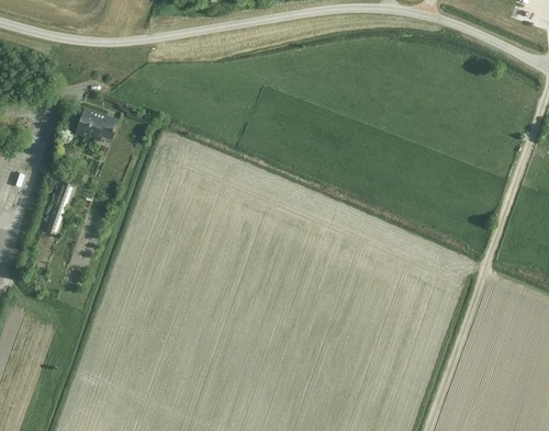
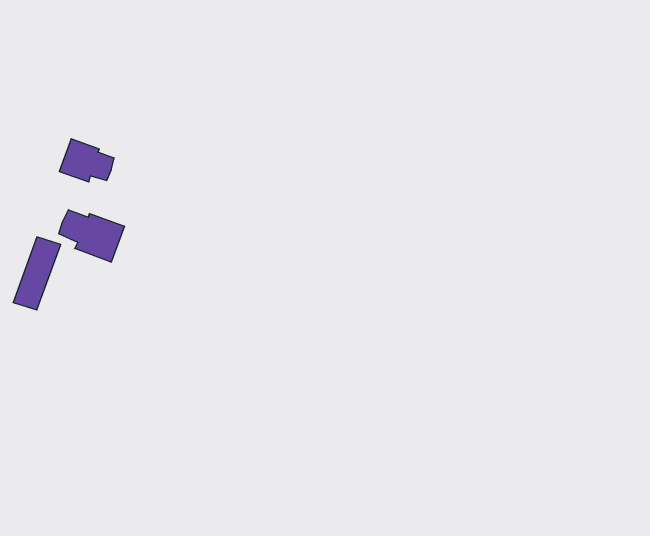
building: none -> [59,210,124,262]

